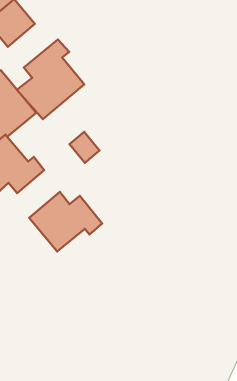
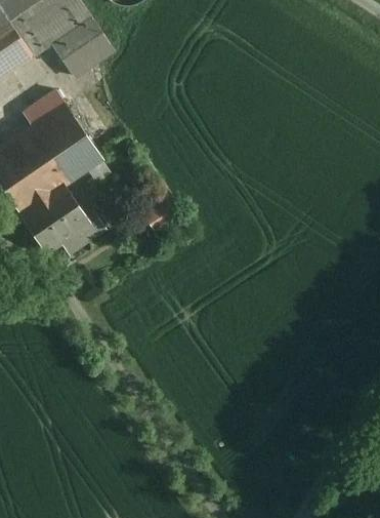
building: [17,39,84,119] -> none
building: [29,192,102,251] -> none

